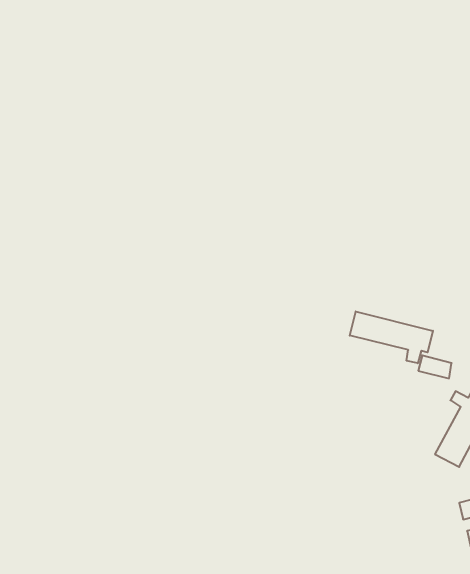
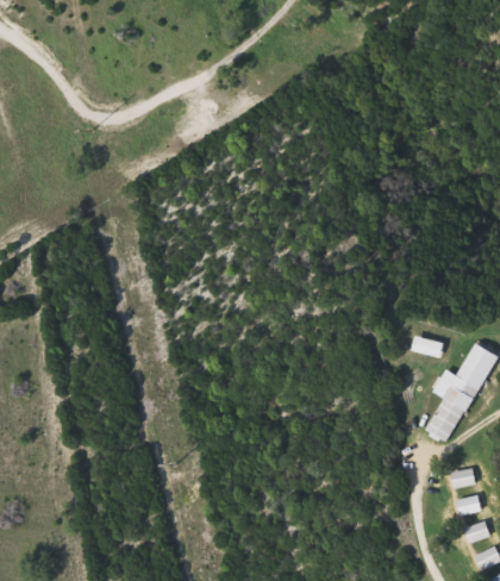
building: [350,311,433,363] -> none

